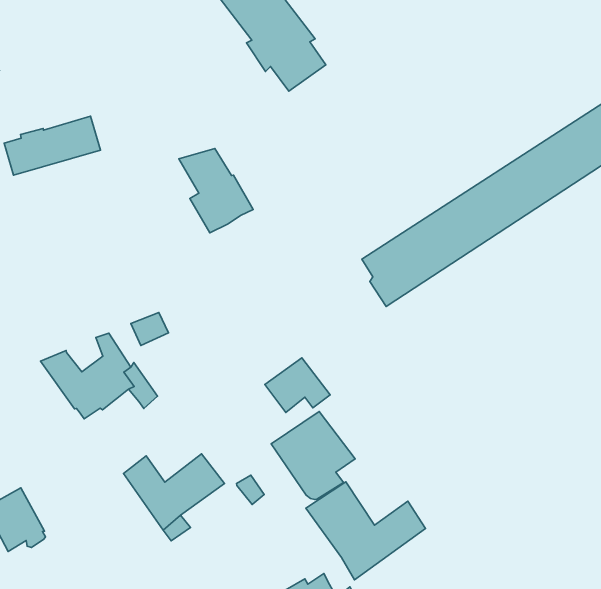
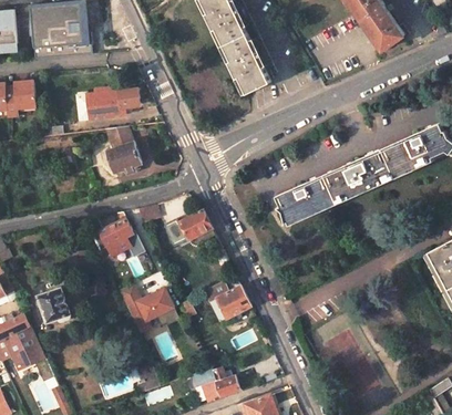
building: [179,149,253,233] -> [104,126,141,173]
building: [265,358,330,412] -> [178,211,214,240]
building: [306,482,425,580] -> none

